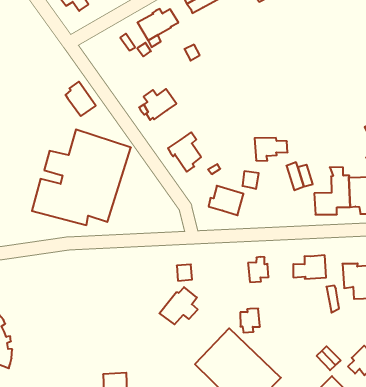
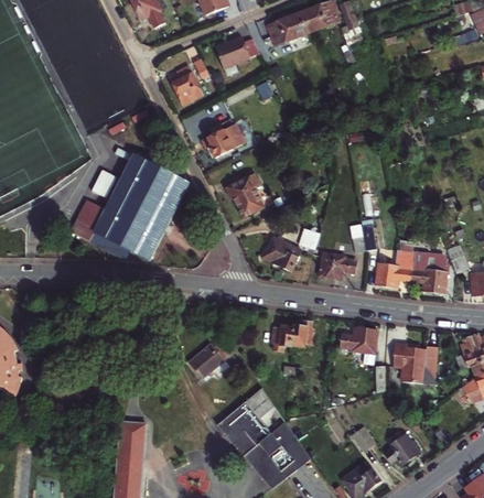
building: [65,82,96,116] -> [170,64,201,101]
building: [255,138,288,161] -> [320,251,356,278]
building: [240,309,260,332] -> [271,325,293,350]

